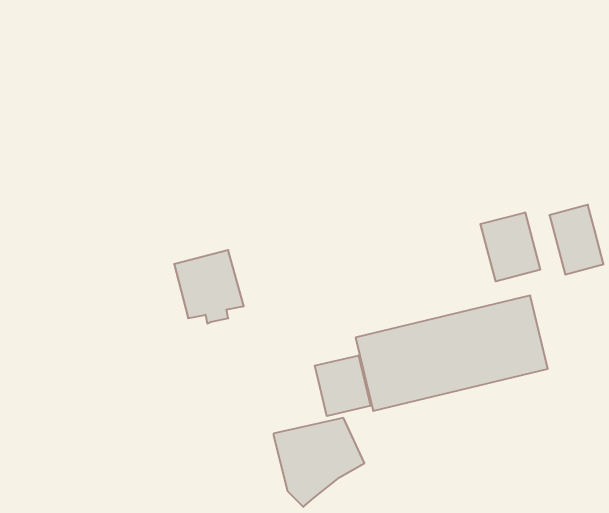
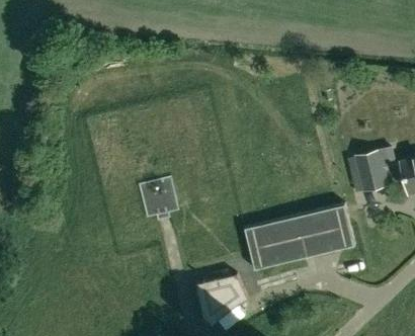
building: [480,212,540,281] -> none
building: [315,355,370,416] -> none

